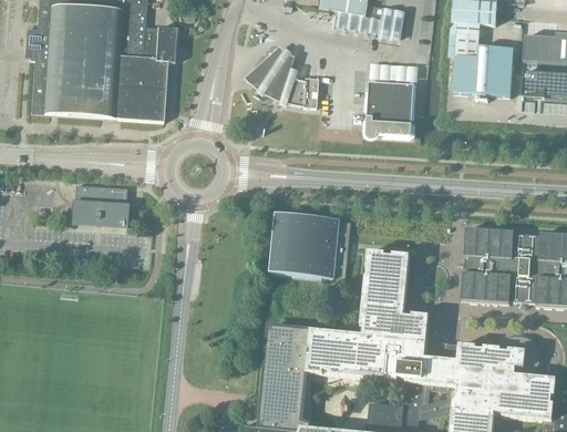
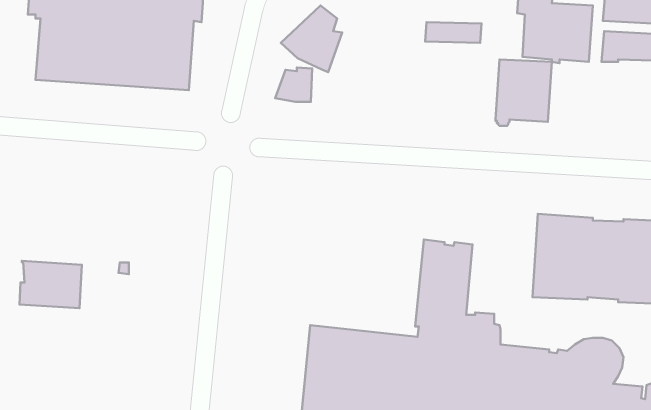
building: [286,76,318,106] -> [275,67,312,102]
building: [365,81,414,138] -> [496,59,552,126]
building: [73,184,127,225] -> [19,261,82,308]
building: [272,213,351,278] -> none

